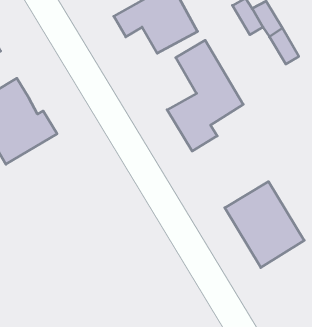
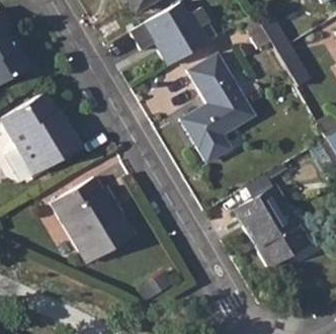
building: none -> [50,173,132,258]

